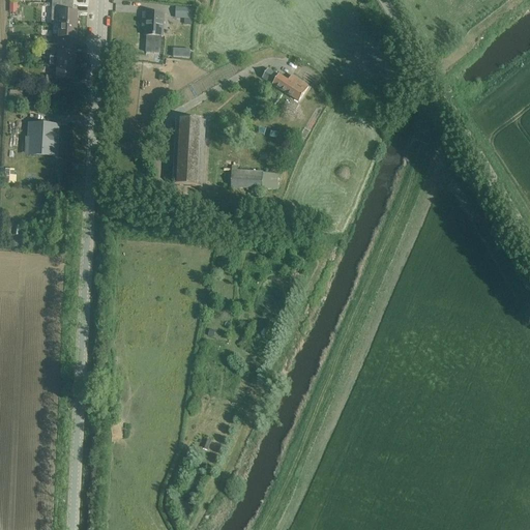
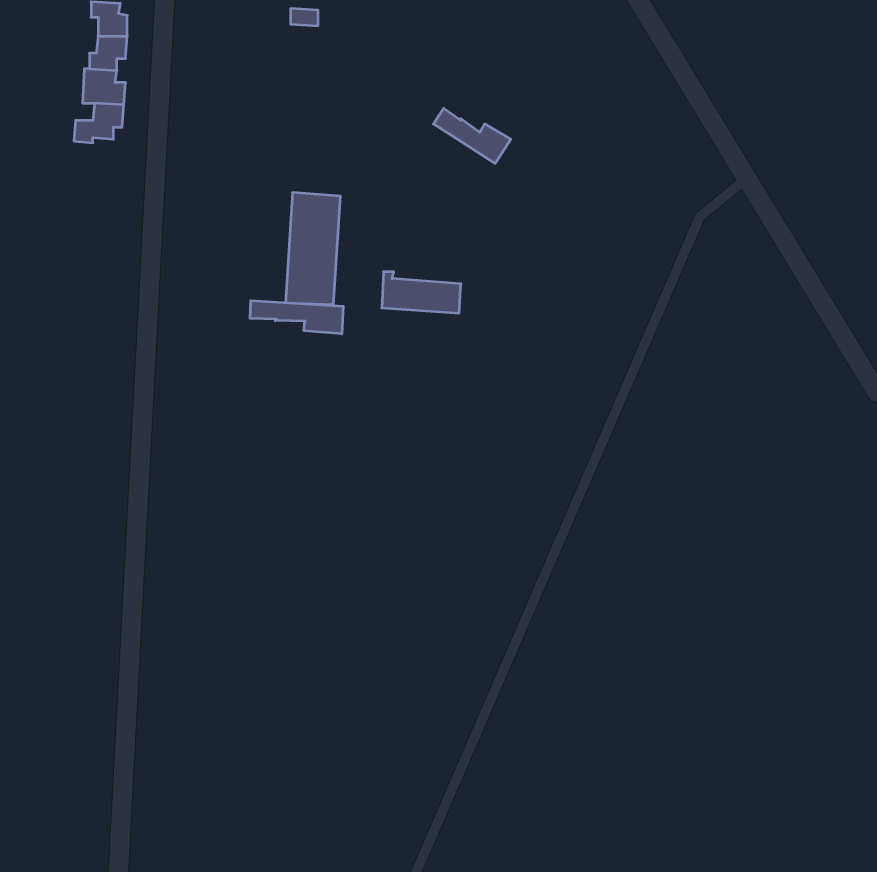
building: [142,9,163,50] -> none
building: [30,124,54,150] -> none
building: none -> [250,301,343,334]

